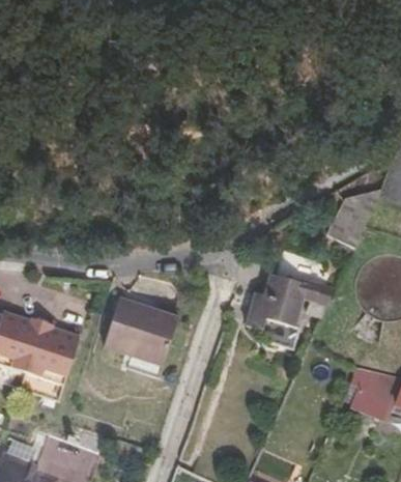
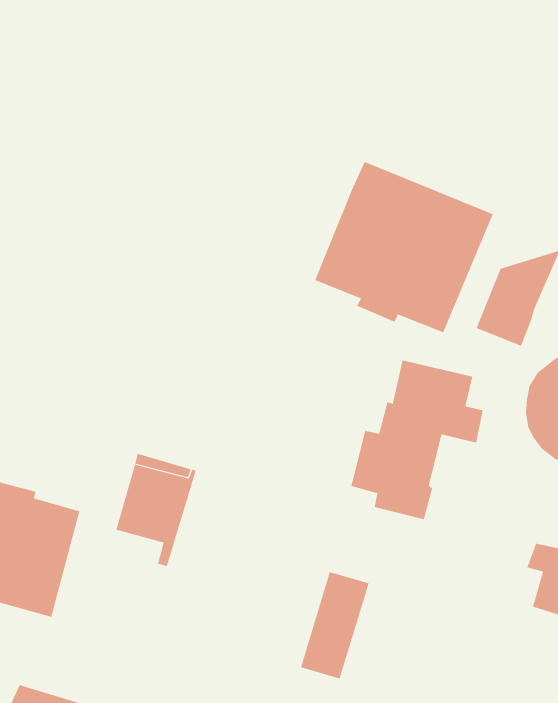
building: none -> [315,161,493,333]
building: [134,311,178,376] -> [300,572,369,679]

